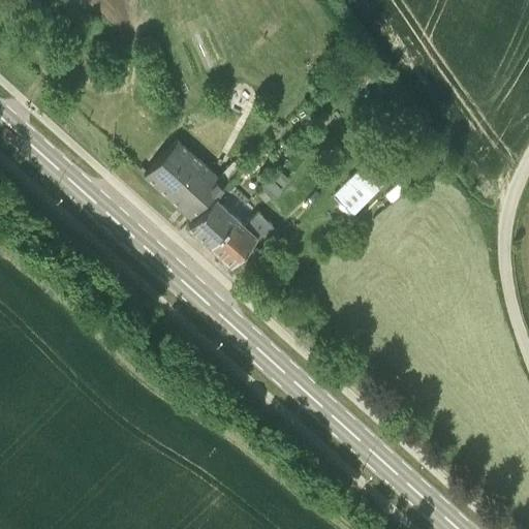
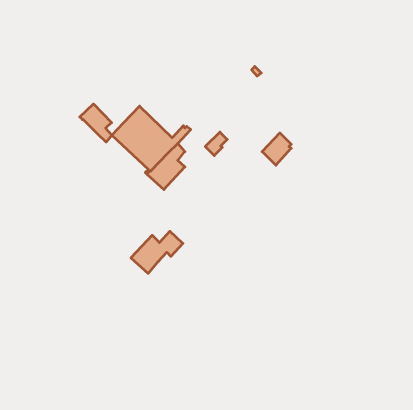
building: none -> [80,104,112,142]
building: [211,213,277,267] -> [131,231,183,273]

